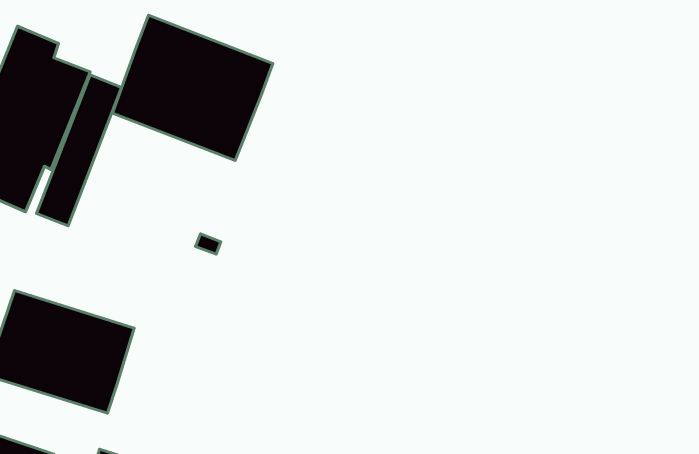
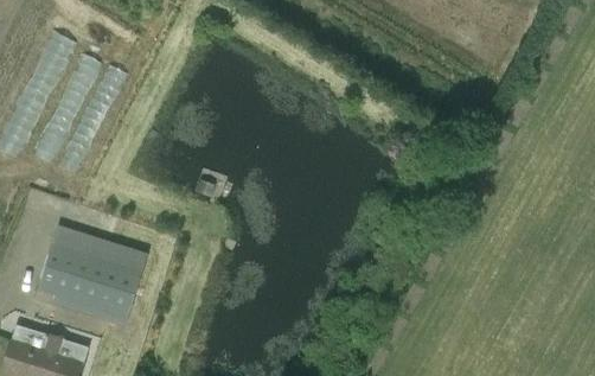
building: [112,15,273,160] -> none

